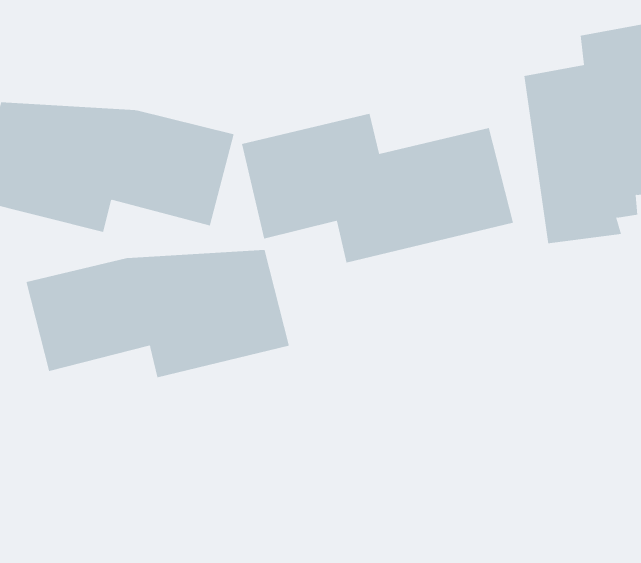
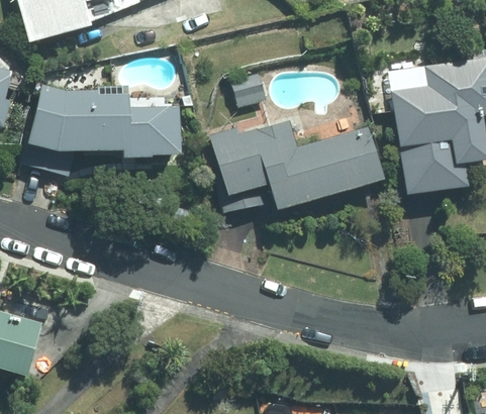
building: [26,249,289,378] -> none

